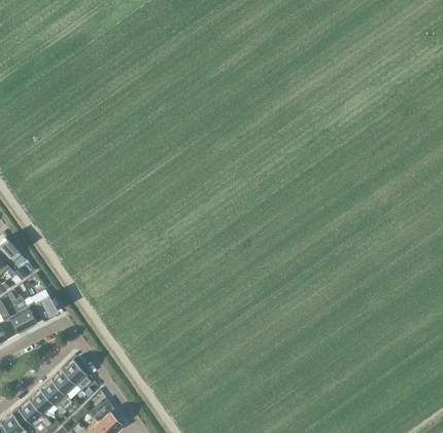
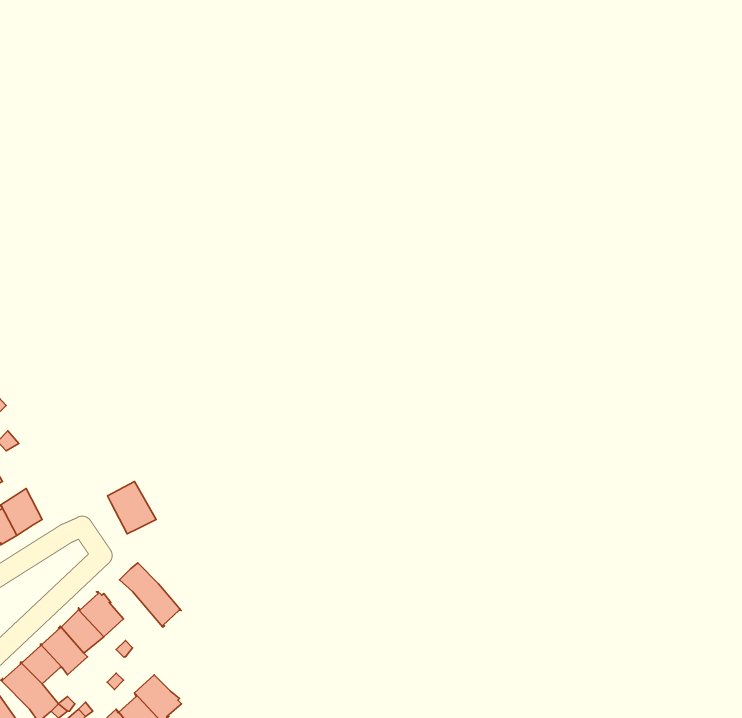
building: [30,289,58,319] -> [107,481,156,534]
building: none -> [119,563,181,627]

